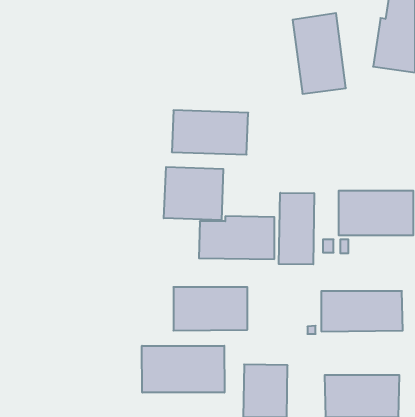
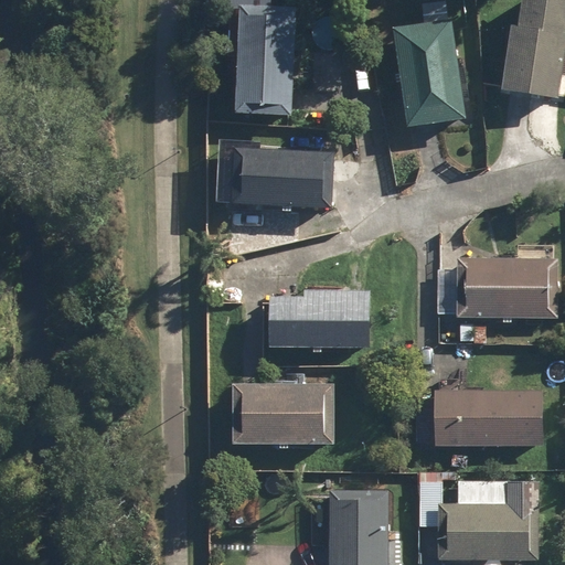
building: none -> [235,4,295,115]
building: [164,167,223,220] -> none
building: [279,193,314,264] -> none
building: [142,346,224,393] -> none

